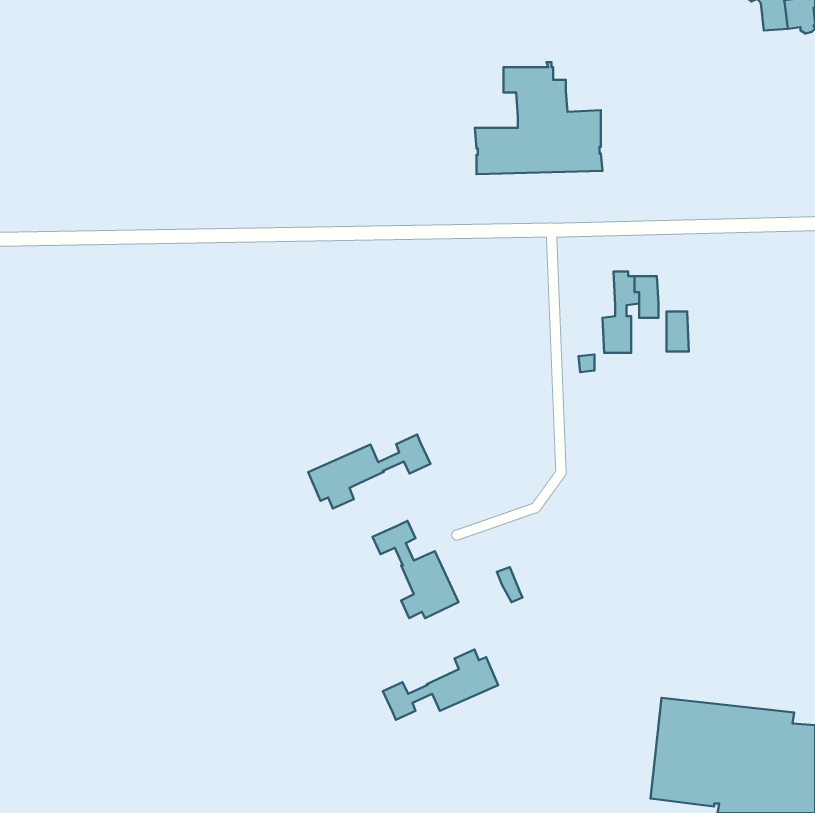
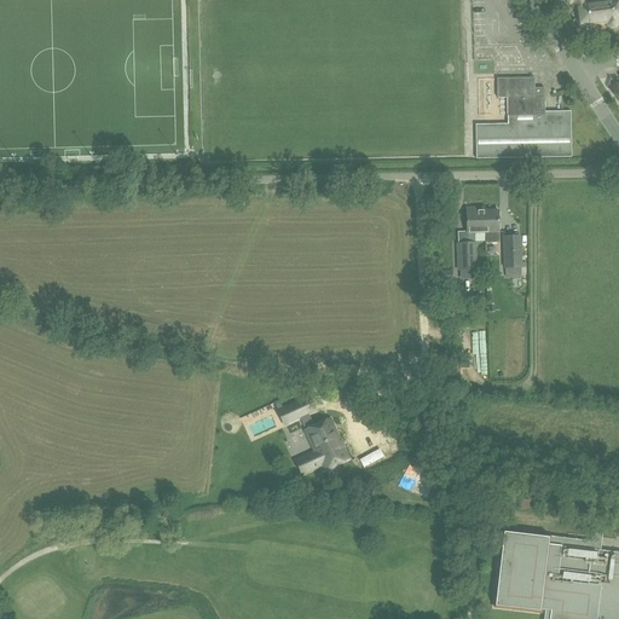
building: [475,62,603,174] -> [474,73,571,157]
building: [308,434,431,509] -> none
building: [383,649,498,720] -> none

